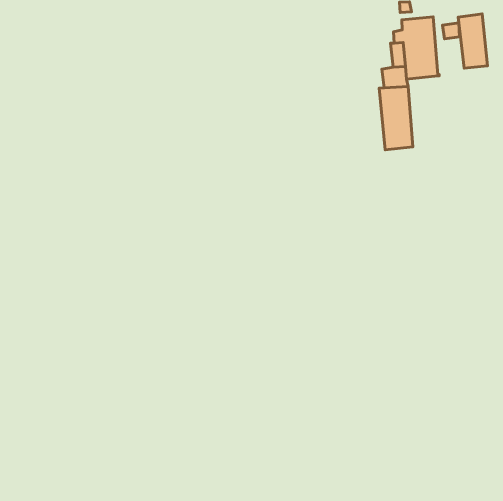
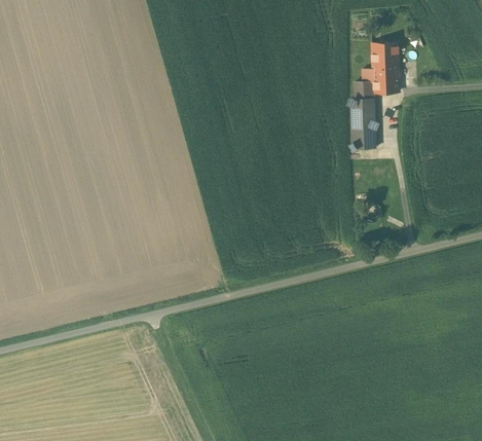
building: [458,14,487,68] -> none

